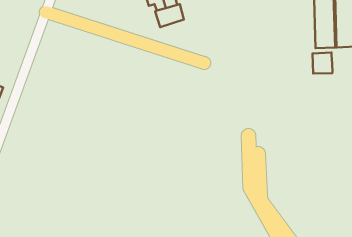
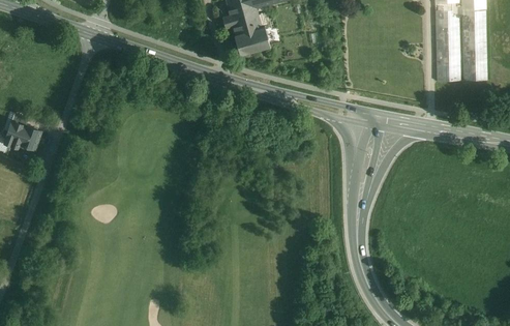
building: [312,53,333,74] -> none

